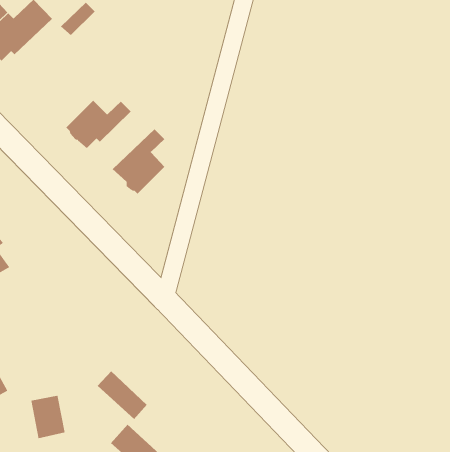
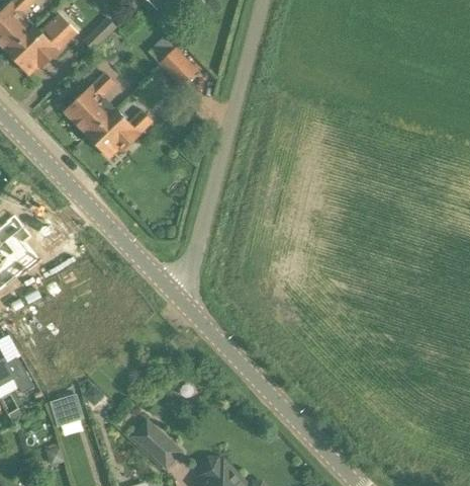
building: none -> [158,48,197,88]
building: [112,129,165,195] -> [63,74,113,137]
building: [97,371,148,420] -> none

